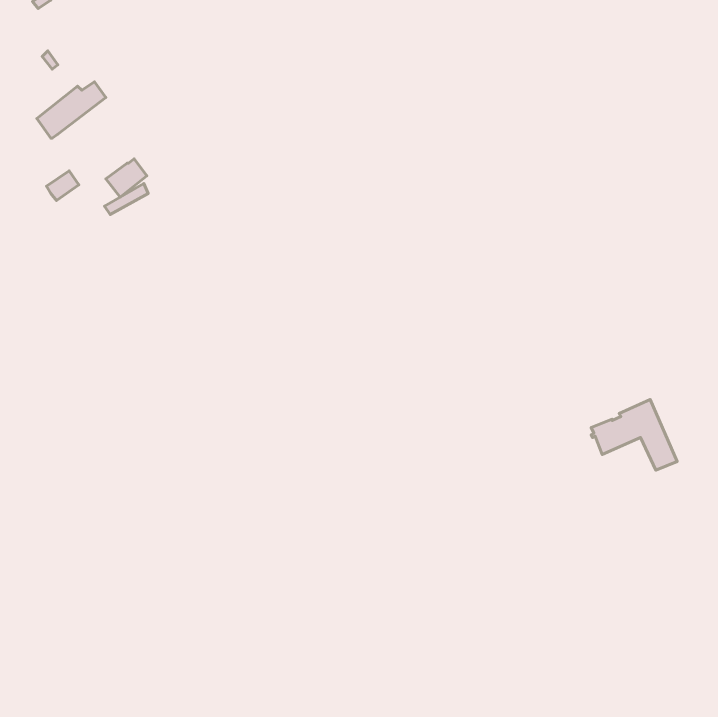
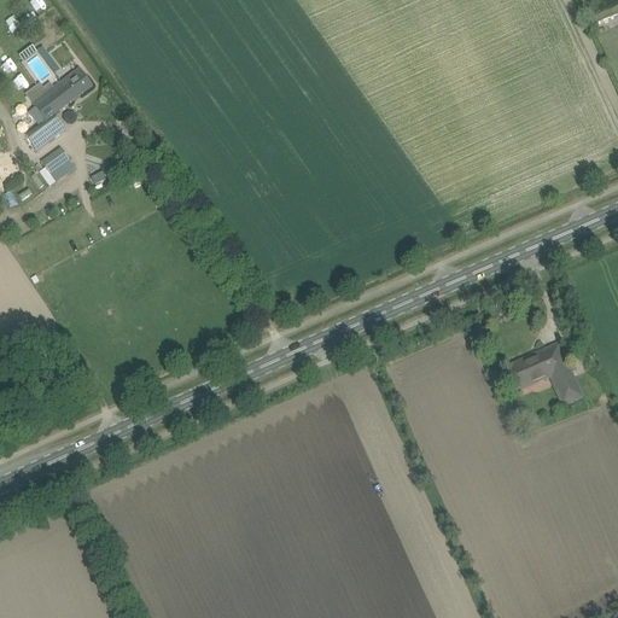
building: [106,159,147,197] -> [25,115,60,147]

